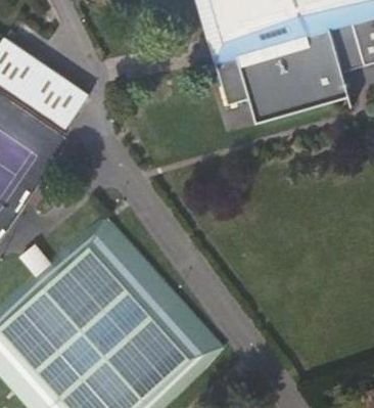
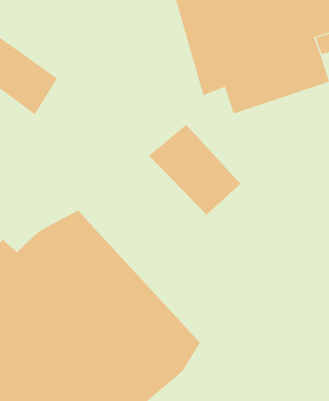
building: none -> [148,124,241,215]

